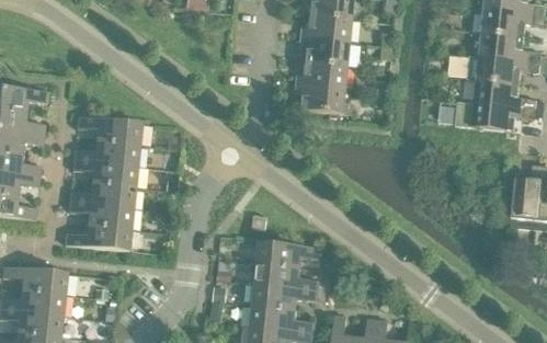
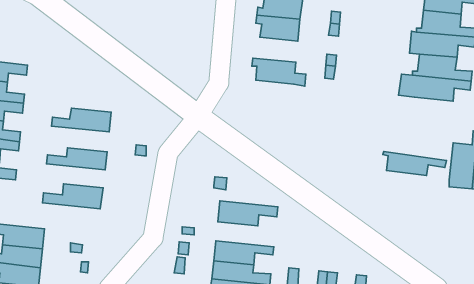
building: [295,61,344,89] -> none
building: [77,117,141,144] -> none
building: [72,159,137,187] -> none
building: none -> [383,151,447,176]
building: [67,201,133,227] -> none
building: [254,264,319,291] -> none

